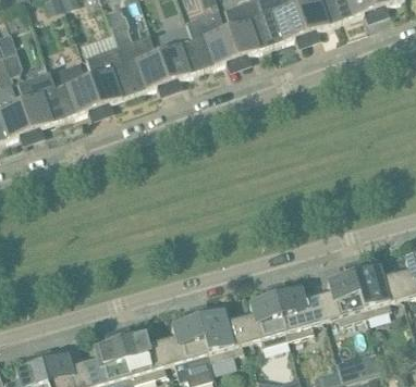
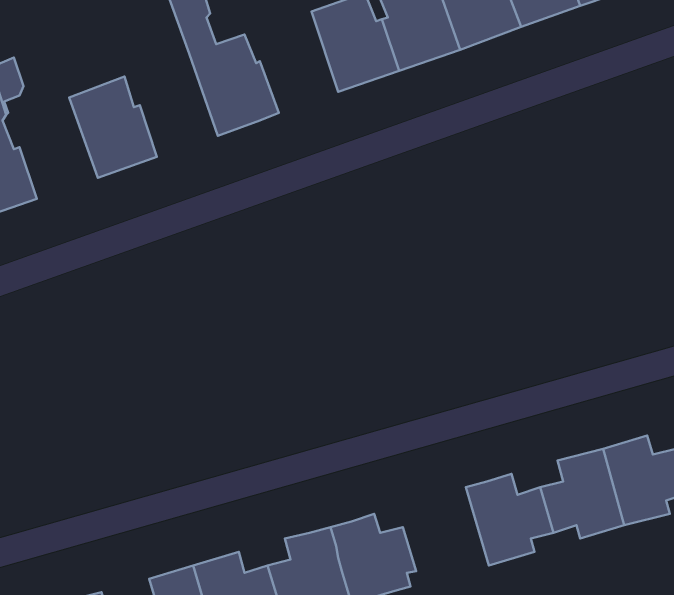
building: [155,23,201,80] -> none
building: [85,47,133,105] -> none
building: [16,72,64,129] -> none
building: [238,294,287,346] -> none

